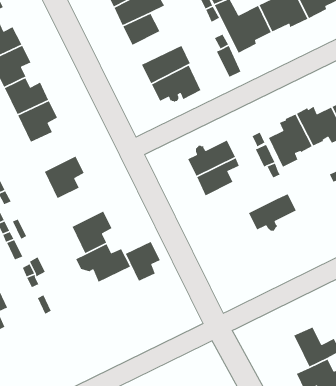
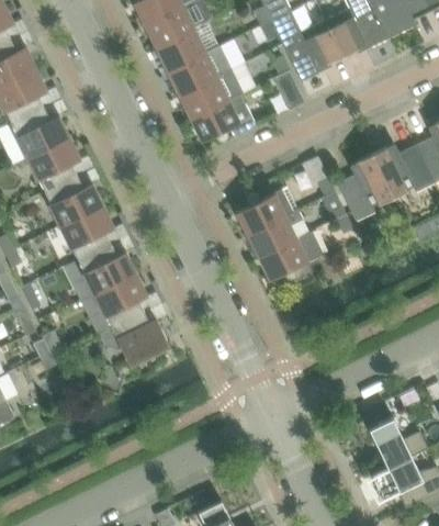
building: none -> [170,46,232,93]
building: none -> [45,175,101,225]
building: none -> [78,243,135,293]
building: [248,193,297,231] -> [260,232,320,279]
building: [125,241,163,282] -> none

